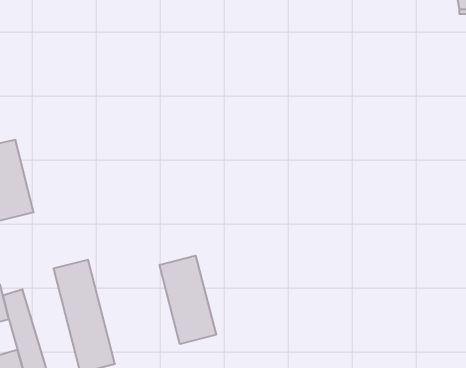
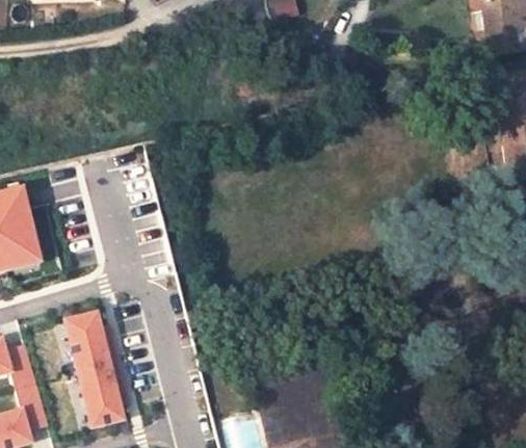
building: [160,256,216,344] -> none

